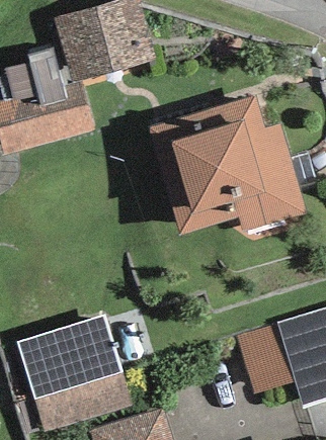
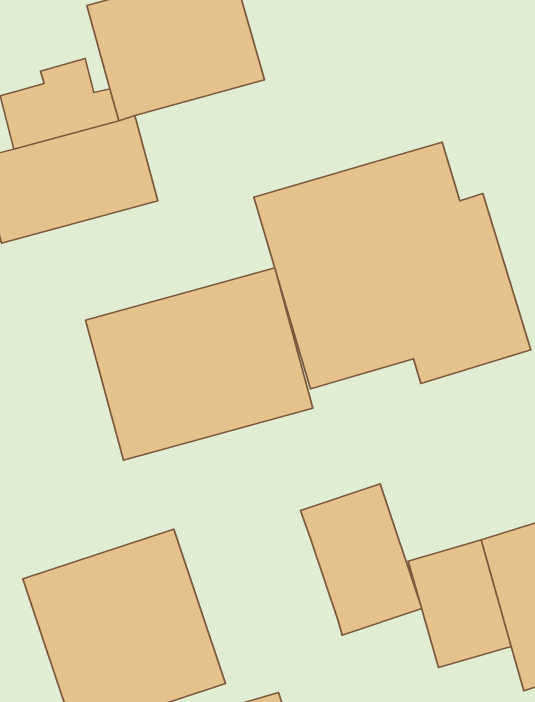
building: none -> [85,268,313,460]
building: none -> [301,484,422,635]

